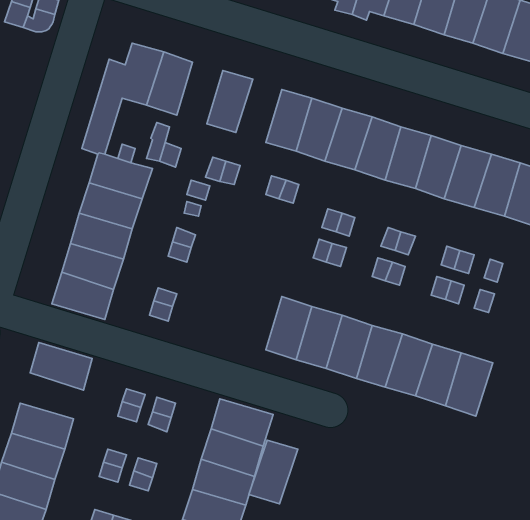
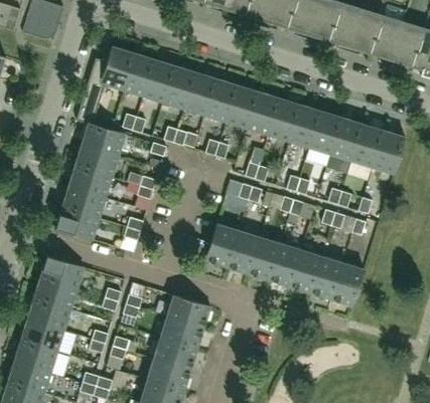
building: none -> [143,59,175,103]
building: none -> [184,71,217,116]
building: none -> [33,276,78,309]
building: [249,440,298,504] -> none

